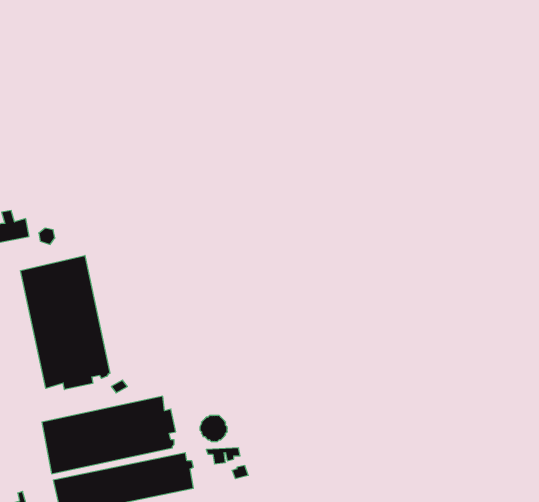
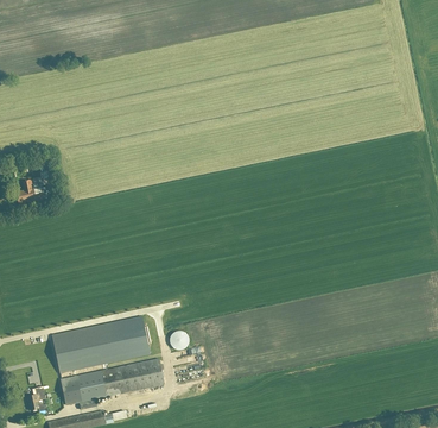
building: [21,255,110,390] -> none

